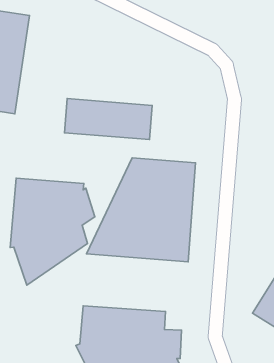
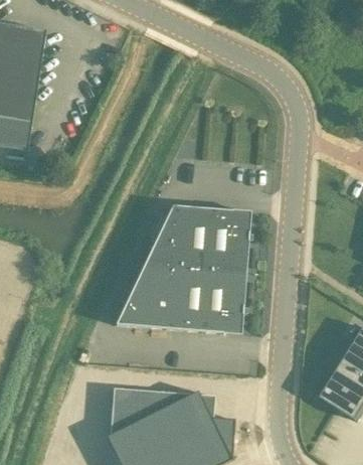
building: [64,99,152,139] -> none
building: [10,178,95,285] -> none

